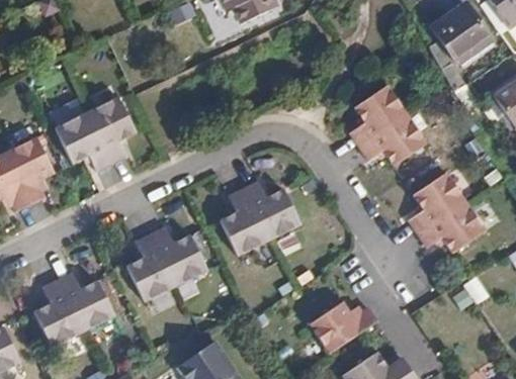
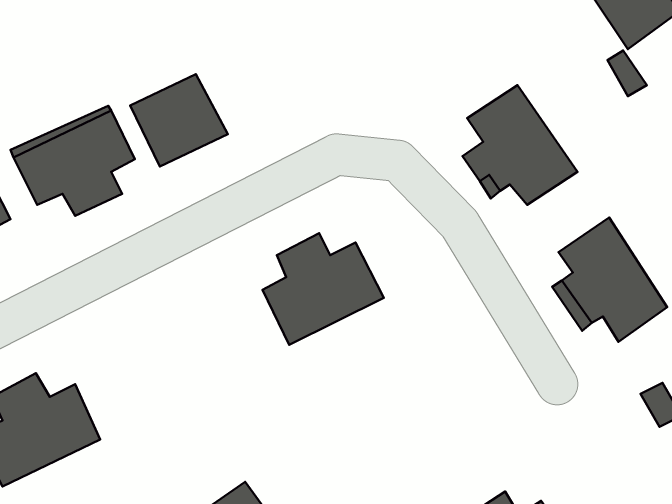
building: none -> [130,74,228,167]
building: [127,227,207,299] -> none
building: [310,298,375,349] -> none

